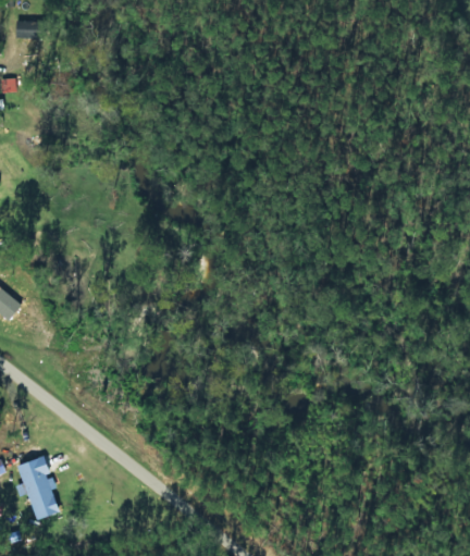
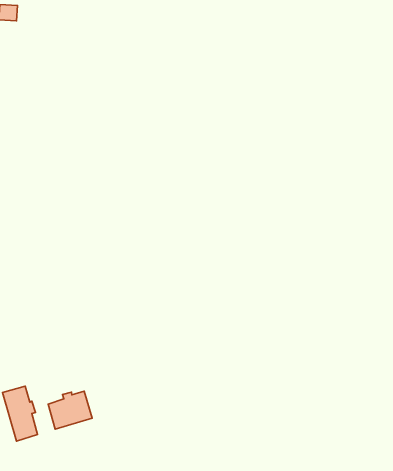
building: none -> [48,391,92,429]

